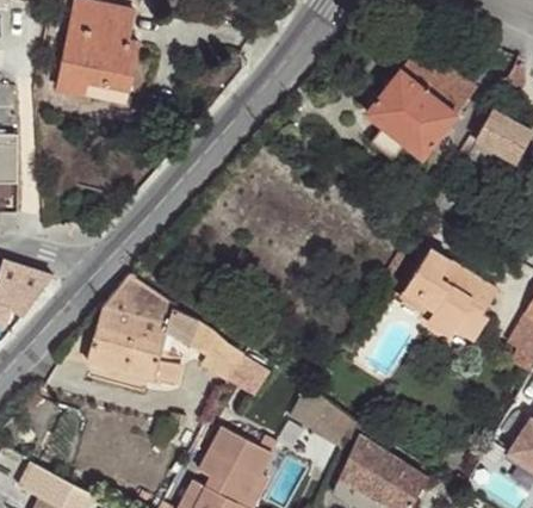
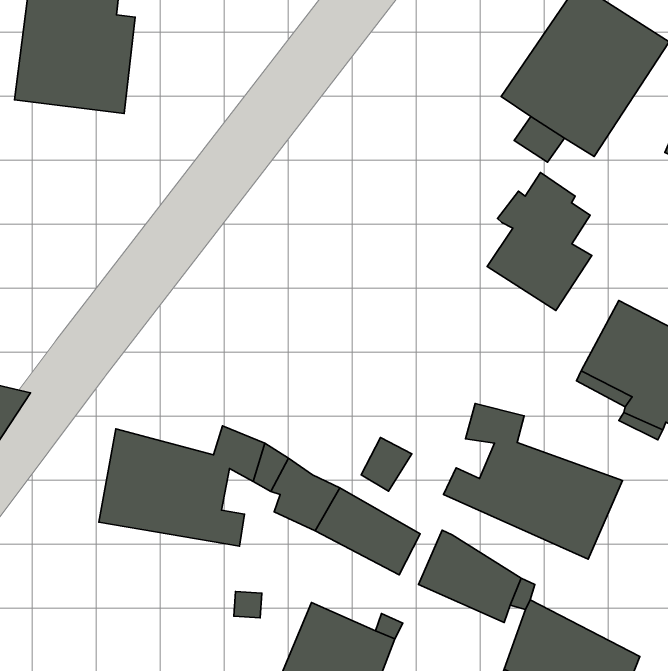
building: none -> [487,172,592,310]
building: [104,274,173,326] -> none
building: none -> [443,404,622,559]

